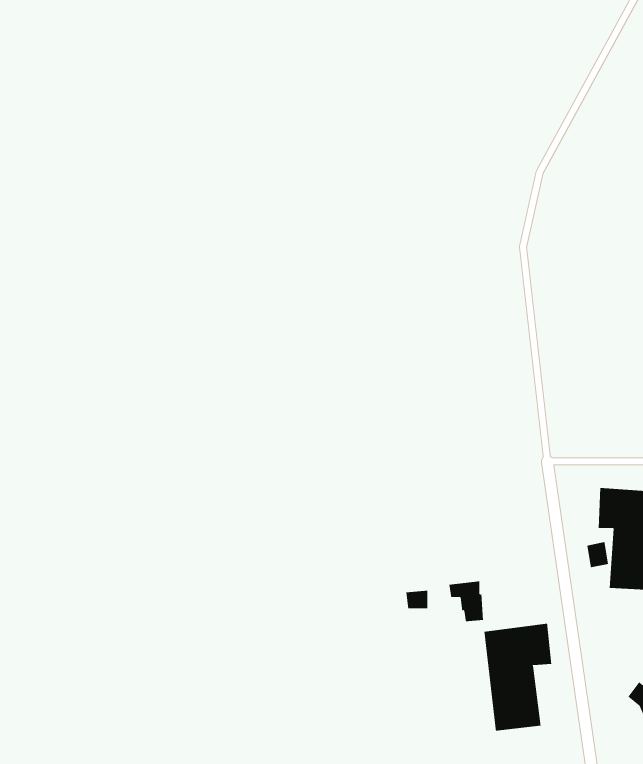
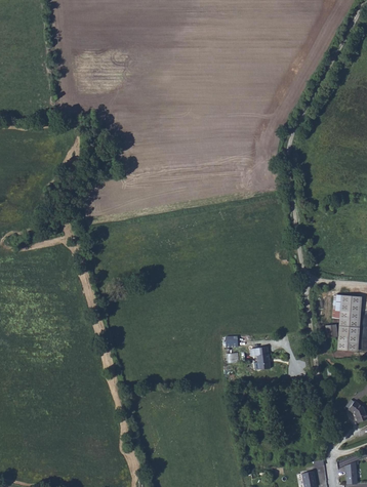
building: [484,623,552,731] -> none

